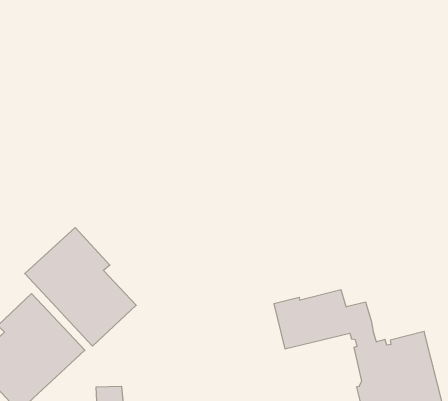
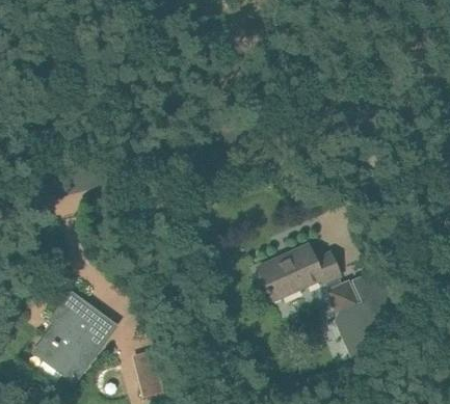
building: [25,228,136,346] -> none

